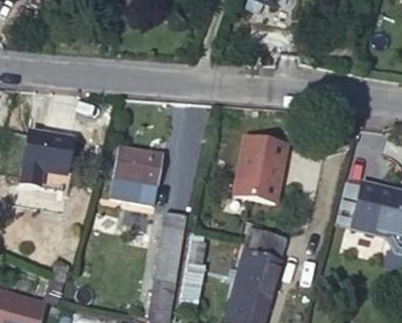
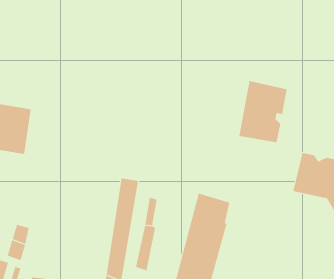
building: [233,135,285,201] -> [239,81,288,143]
building: [113,146,161,203] -> none

